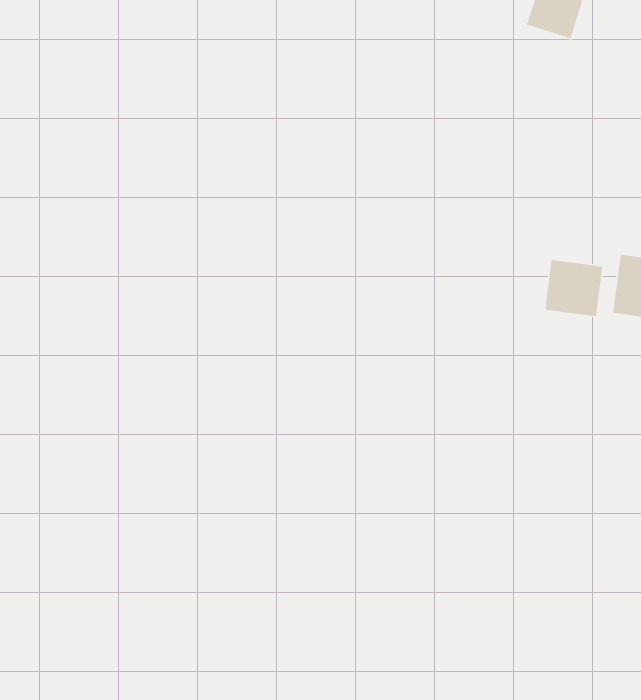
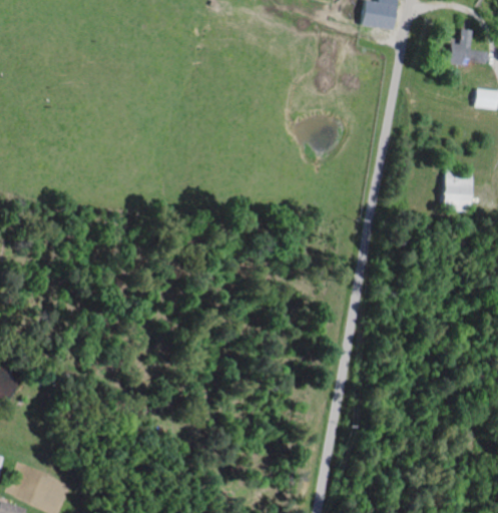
building: [544,259,603,317] -> none

